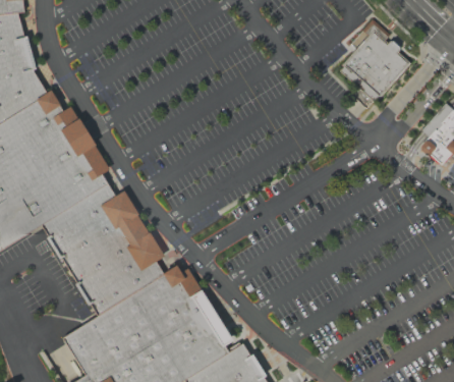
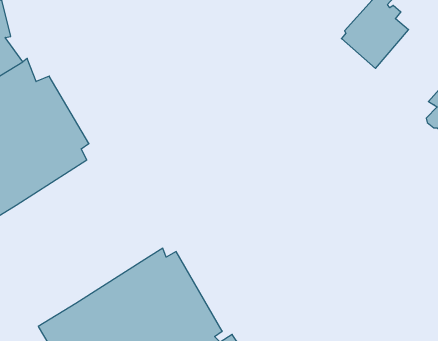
building: [43,183,165,316] -> none

